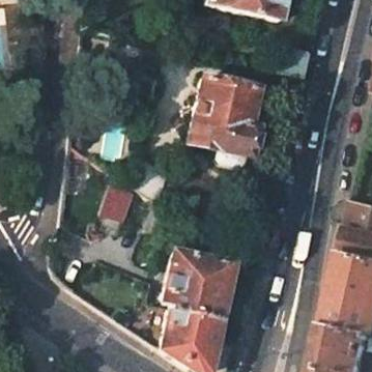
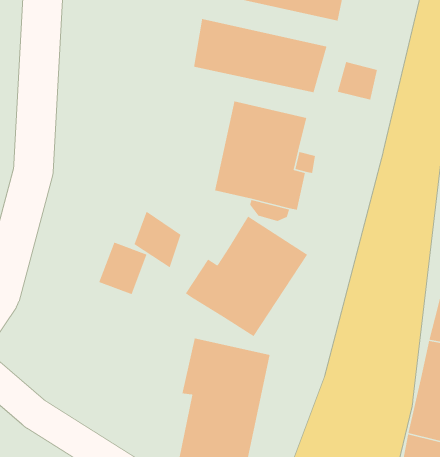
building: none -> [193,18,327,93]
building: none -> [185,216,308,337]

